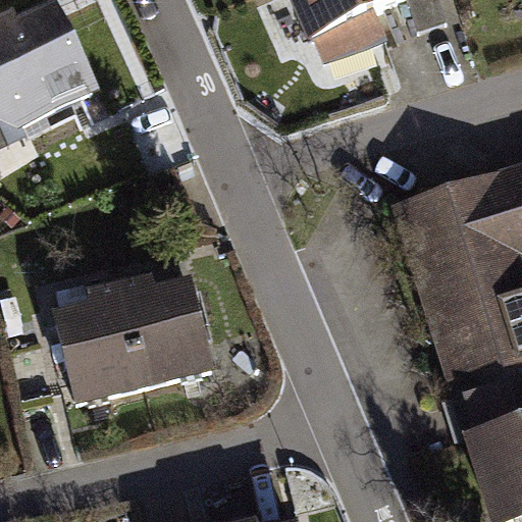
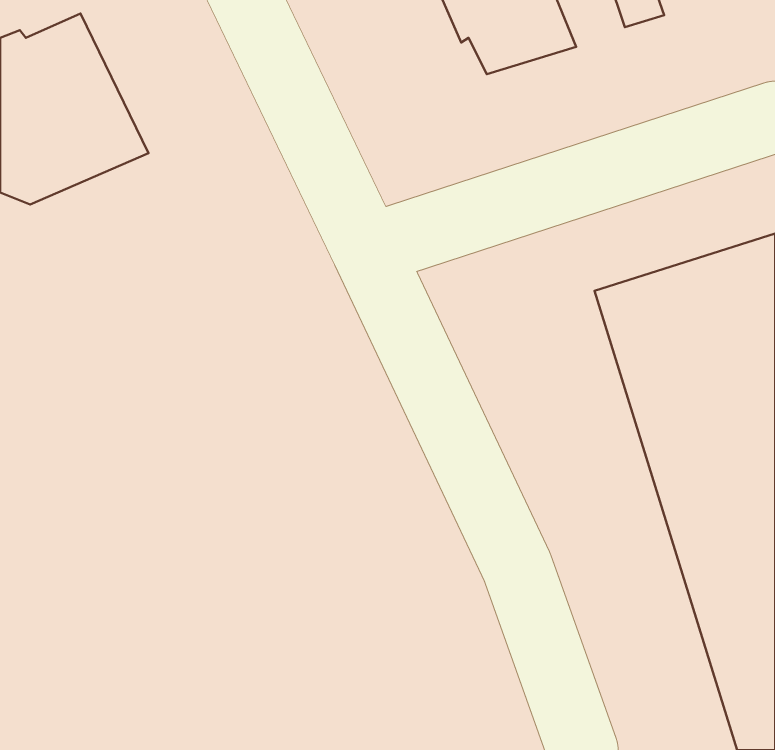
building: [53,284,212,415] -> none

